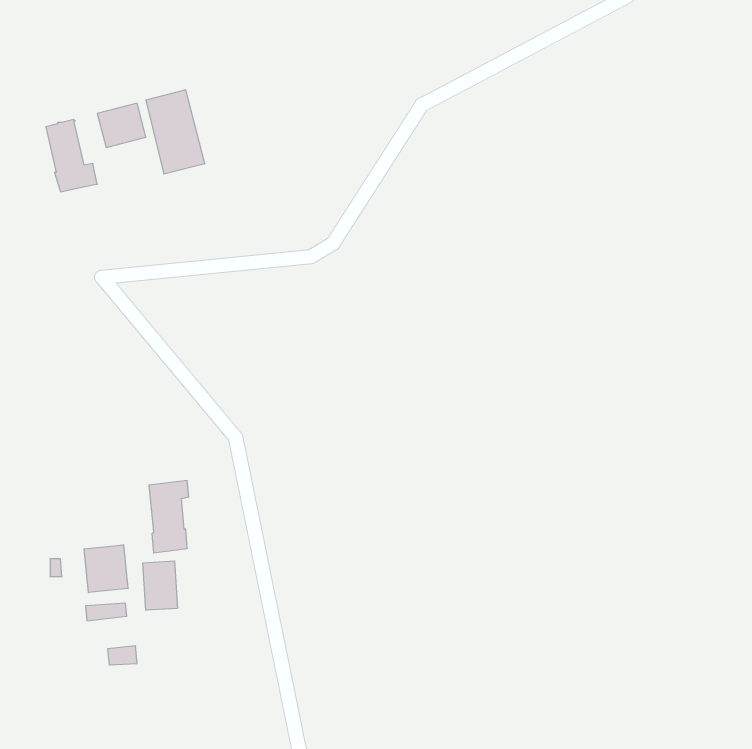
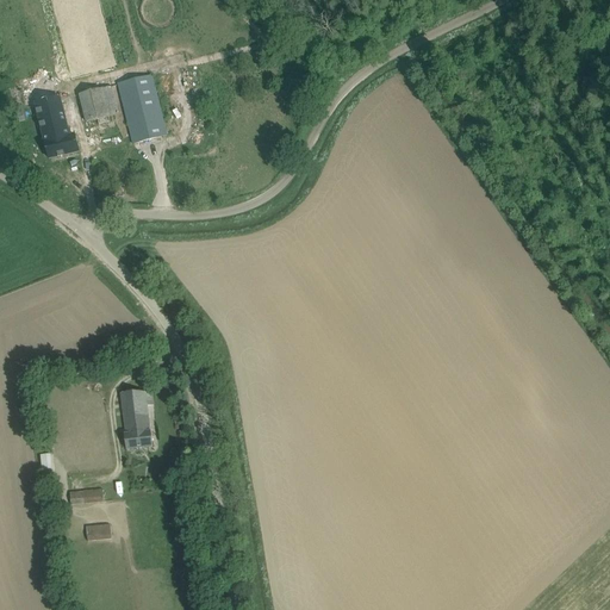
building: [84,545,128,593] -> none
building: [143,561,177,610] -> none

